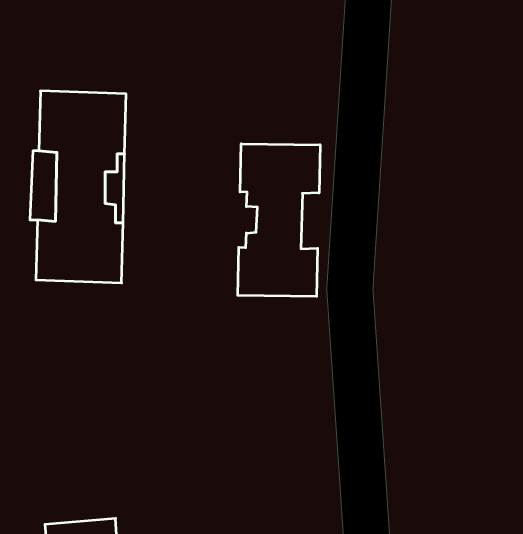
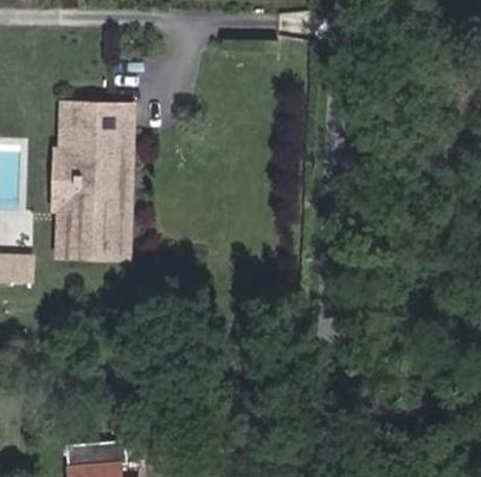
building: [238,144,320,296] -> none

